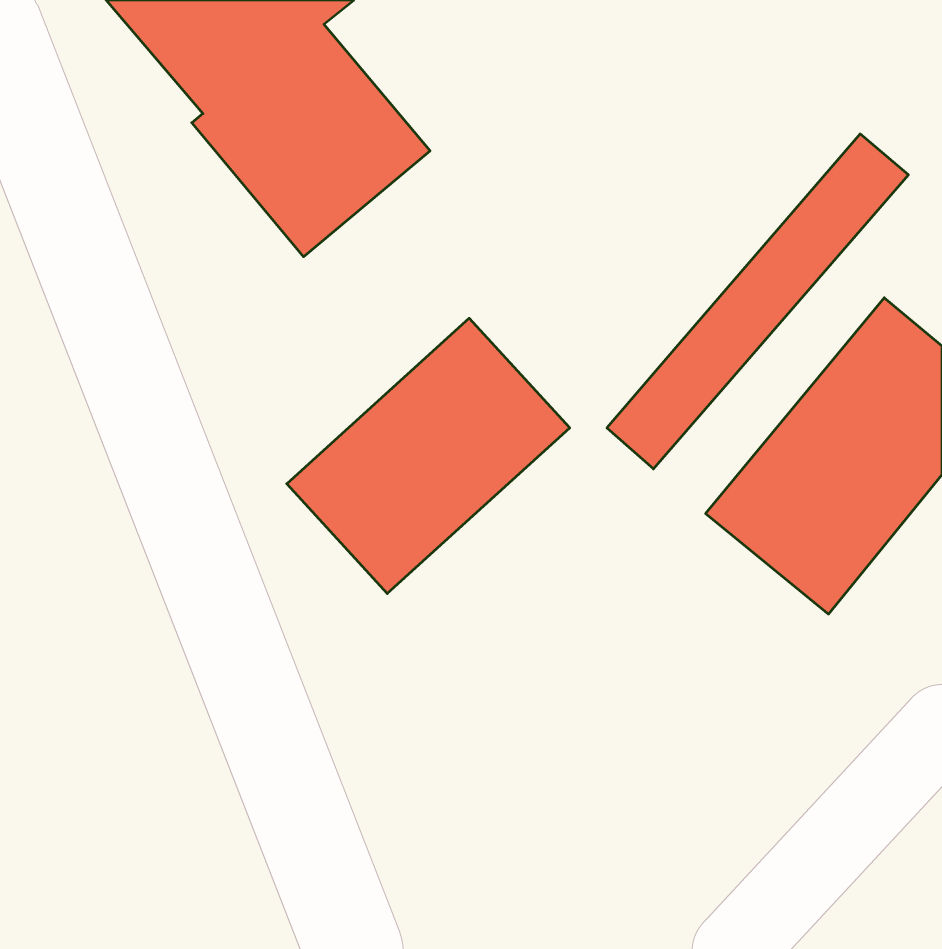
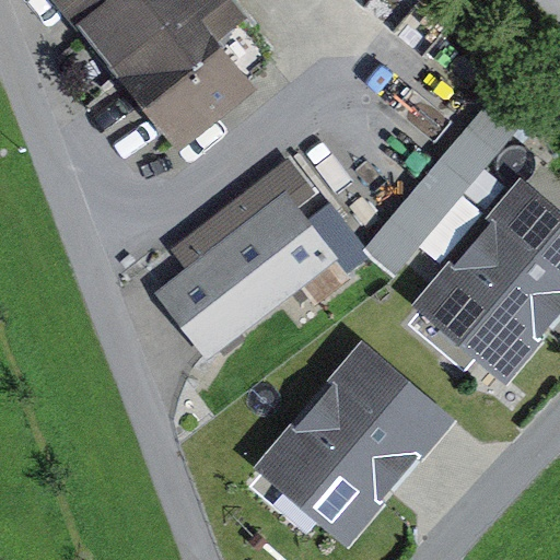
building: none -> [264,343,451,533]

